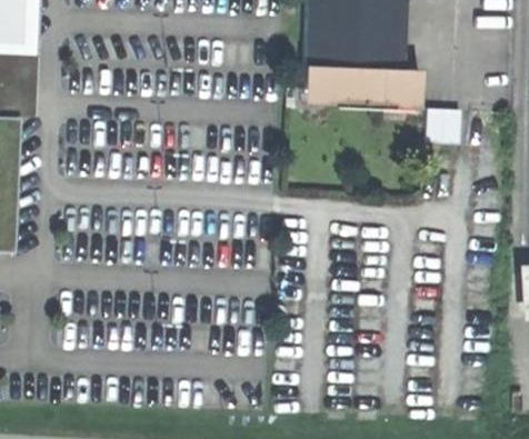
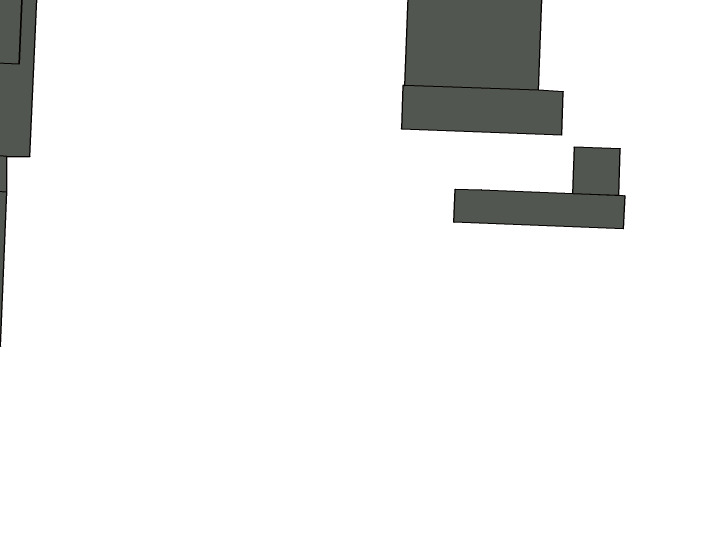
building: none -> [454,189,625,229]

